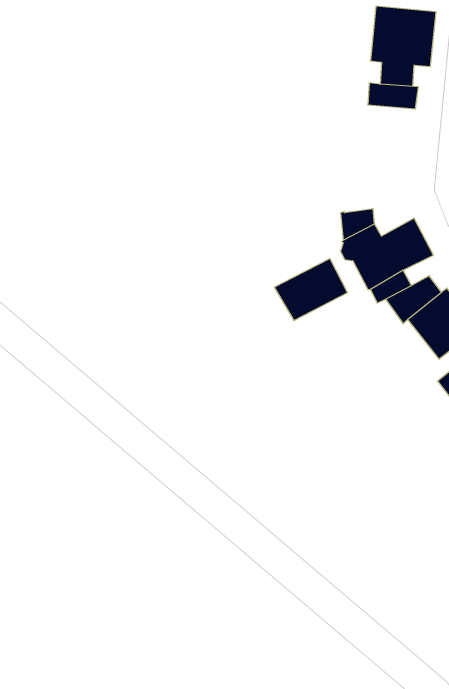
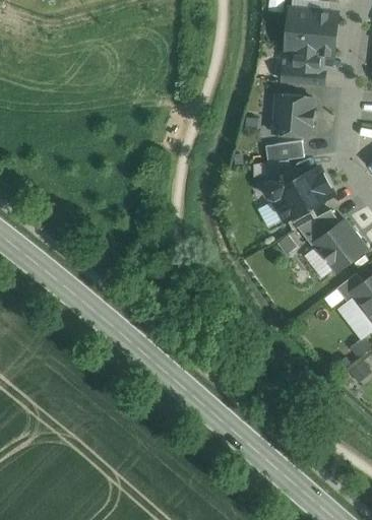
building: none -> [272,94,314,137]
building: none -> [265,141,304,162]
building: [274,258,347,321] -> none

